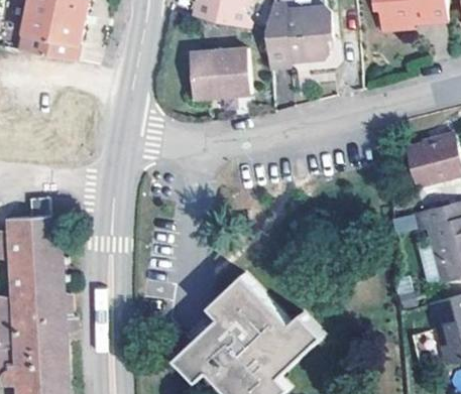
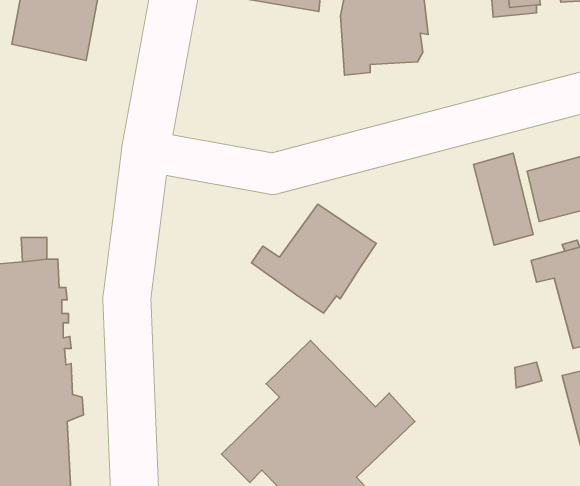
building: [187,49,249,99] -> none
building: none -> [474,153,533,245]
building: none -> [251,204,376,313]

